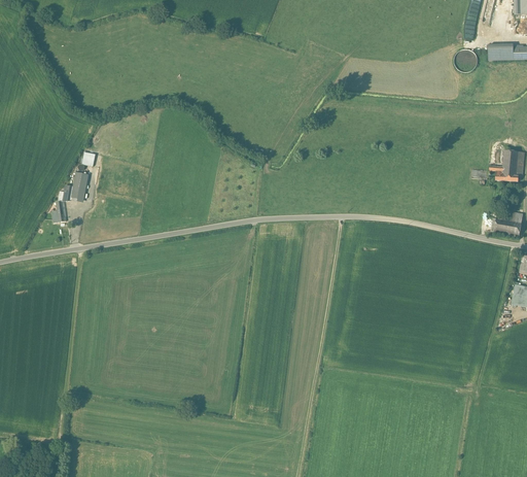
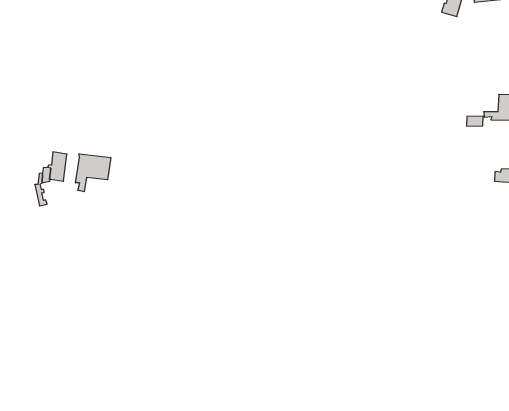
building: none -> [76,154,111,192]

